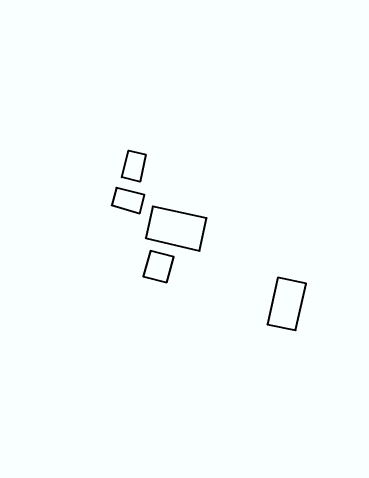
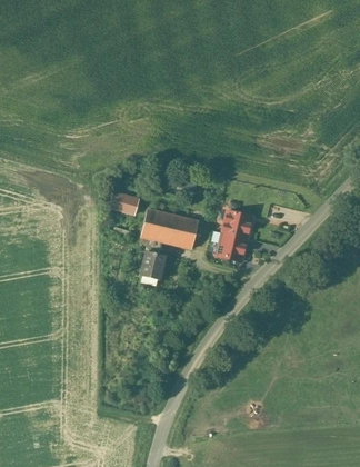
building: [122,151,146,182] -> none
building: [267,278,306,330] -> [216,211,252,261]

